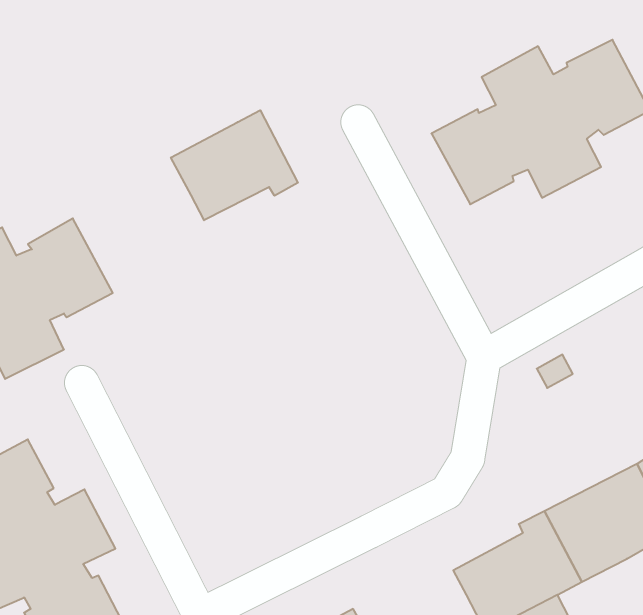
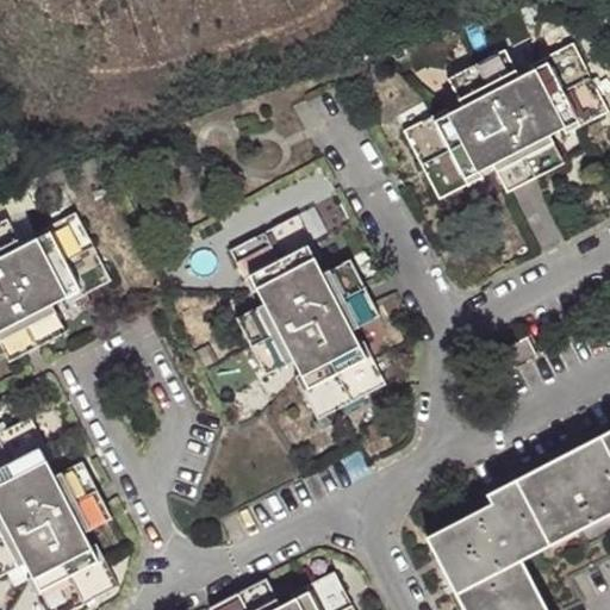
building: [171,110,298,220] -> none
building: none -> [230,217,385,419]

